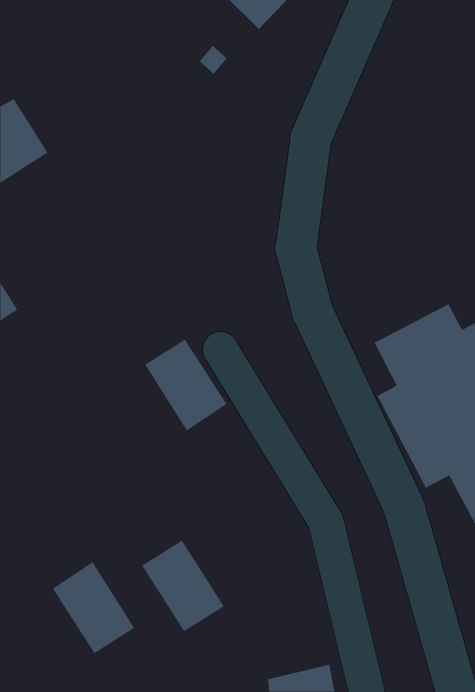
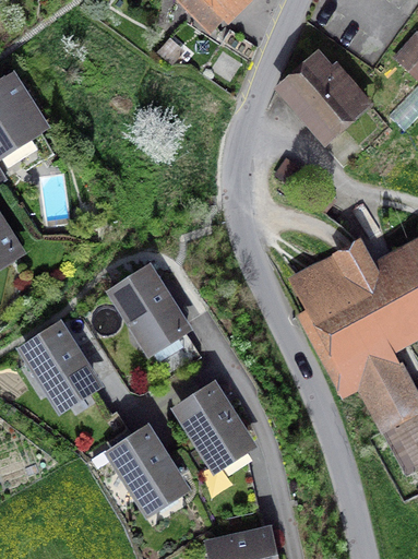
building: none -> [287,61,358,134]
building: none -> [181,390,249,464]
building: [52,561,135,654] -> [27,330,94,404]

